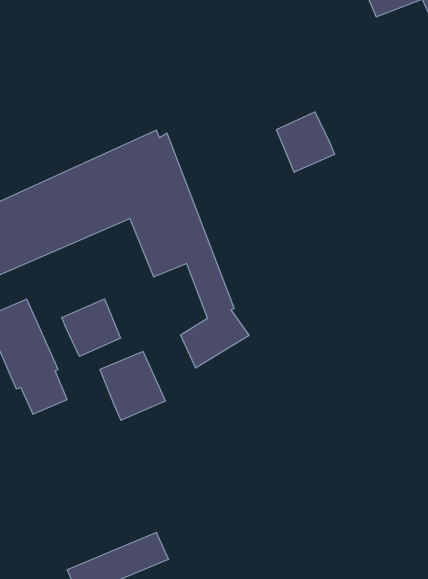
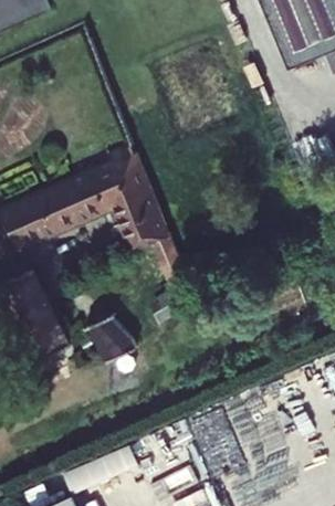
building: [276,112,335,172] -> none
building: [62,299,120,356] -> none

